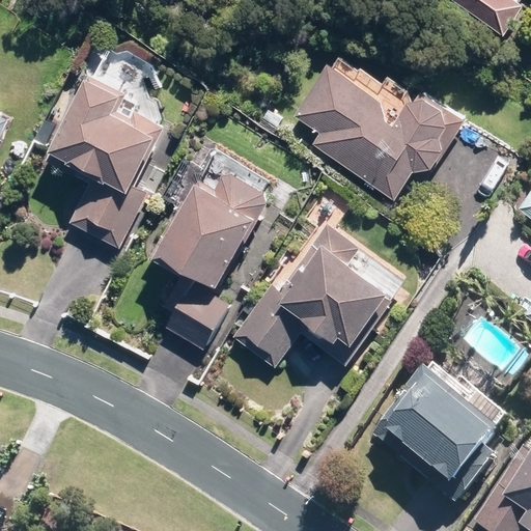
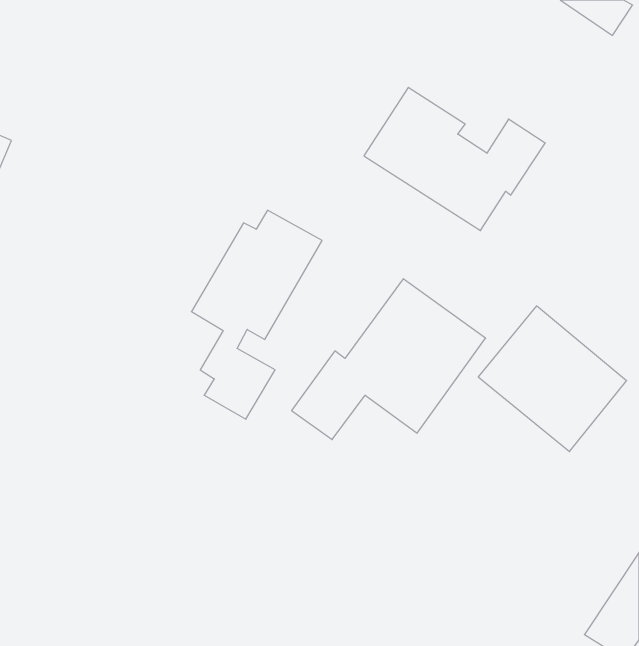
building: [52,83,161,241] -> none
building: [380,375,501,495] -> [478,306,627,452]

